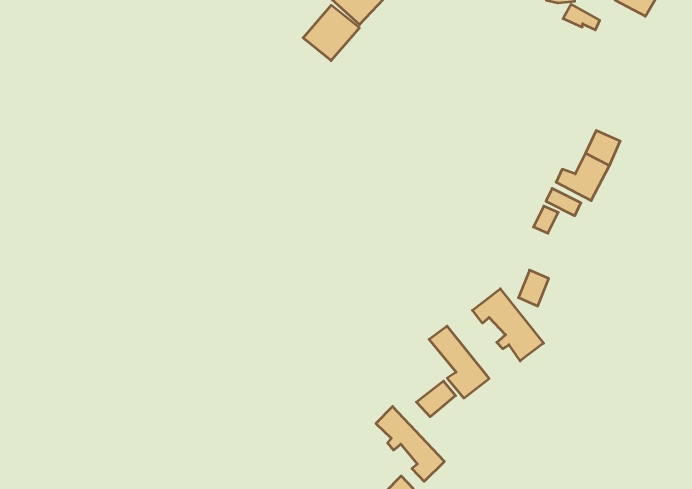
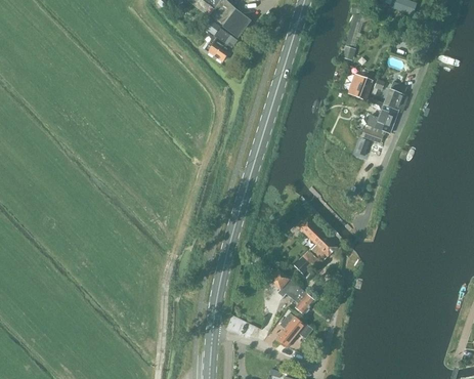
building: none -> [346,73,372,99]
building: [472,289,544,361] -> none

